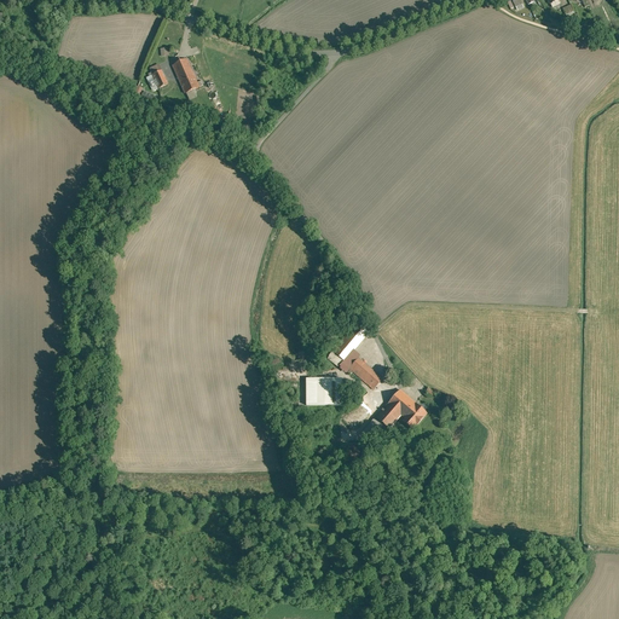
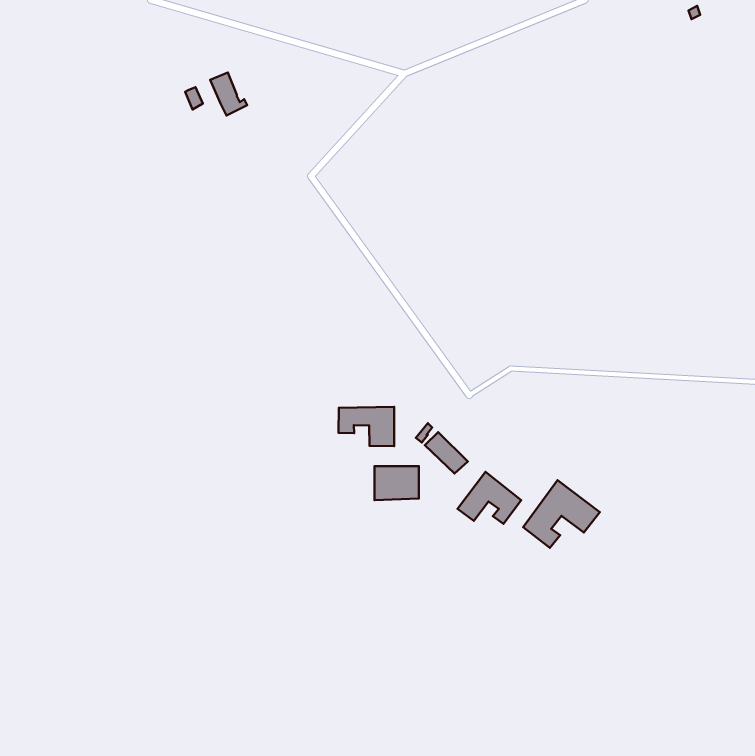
building: none -> [339,407,394,446]
building: none -> [523,480,600,548]

